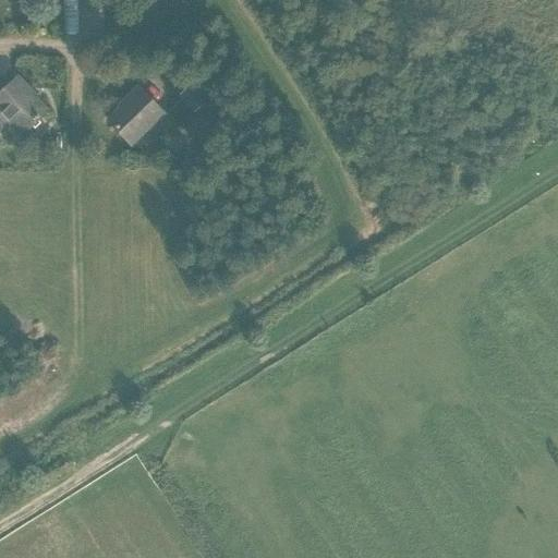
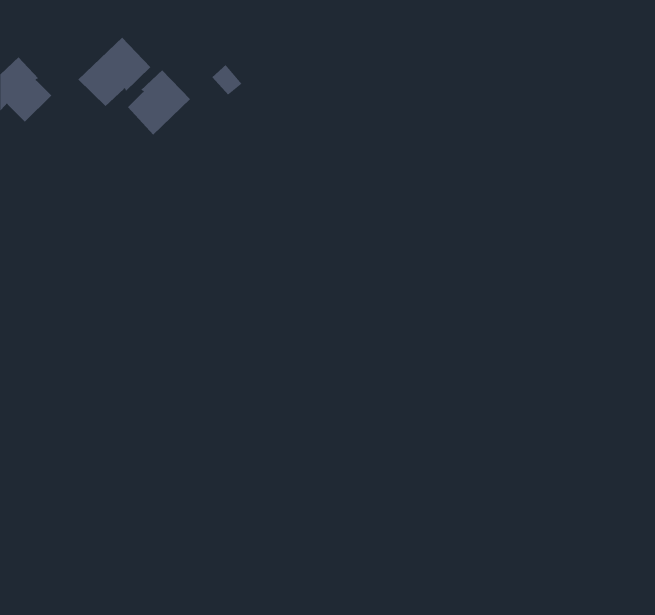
building: none -> [78,37,151,107]

